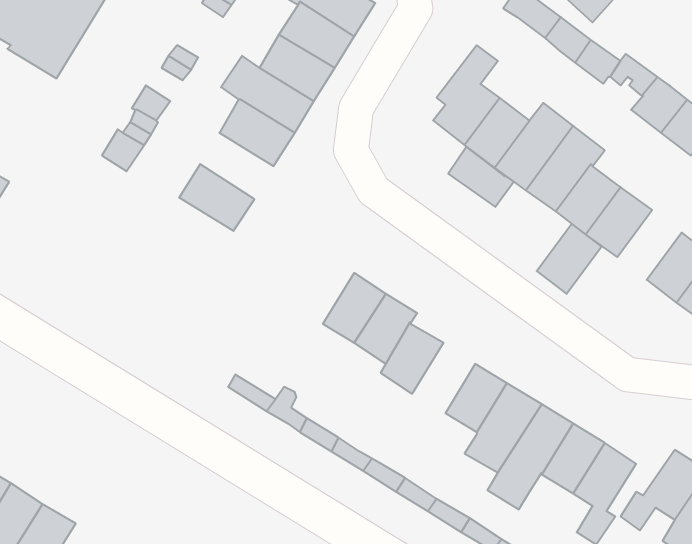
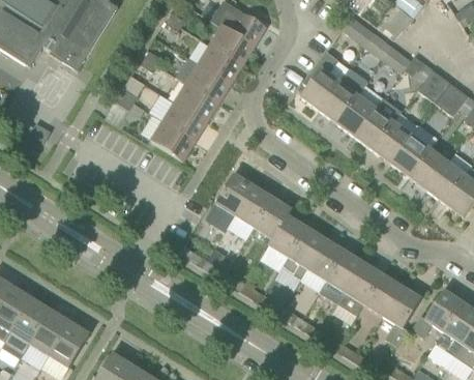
building: none -> [162,103,206,142]
building: [448,147,514,207] -> none
building: [537,224,602,294] -> [409,148,447,189]
building: none -> [210,173,254,226]
building: none -> [280,227,325,280]

